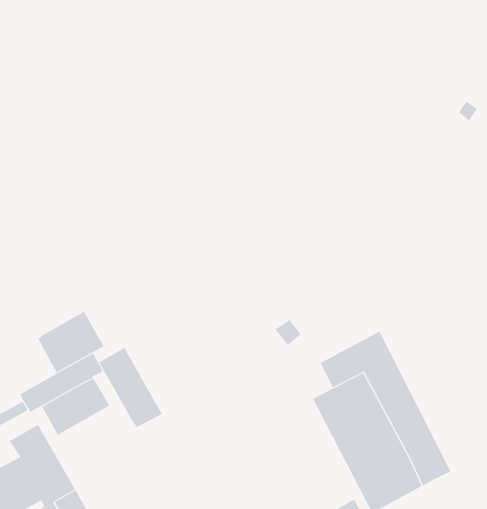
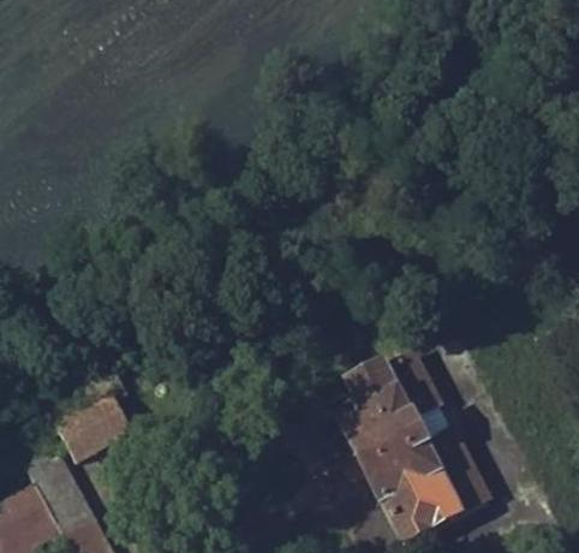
building: [37,311,104,373] -> none
building: [98,347,162,428] -> none

